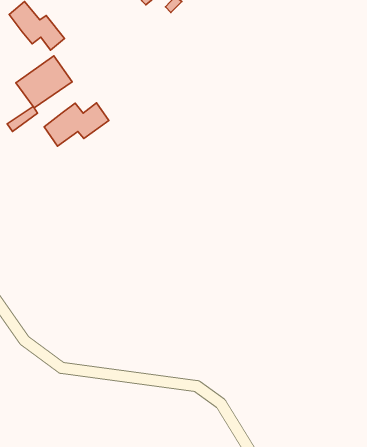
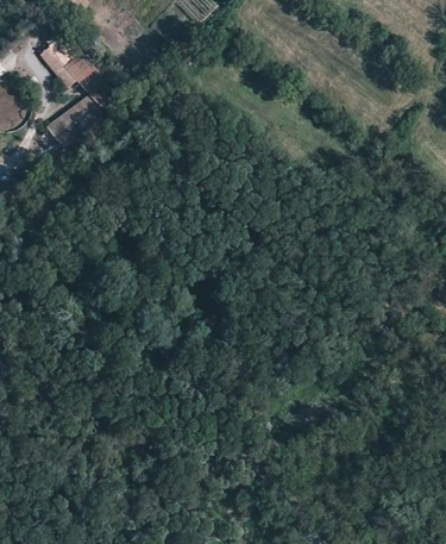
building: [44,103,109,146] -> none

